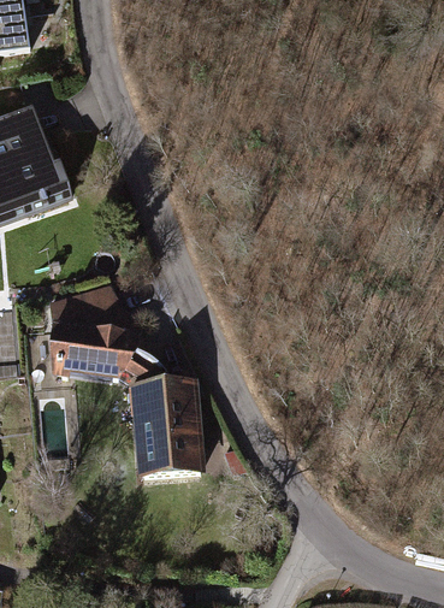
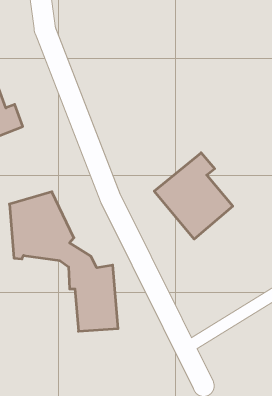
building: none -> [154,153,233,239]

